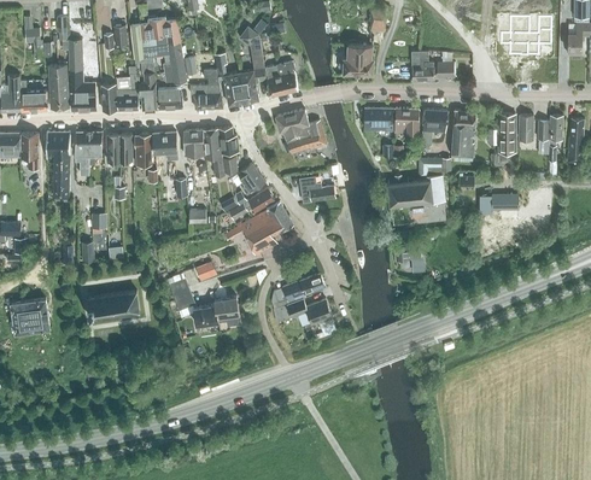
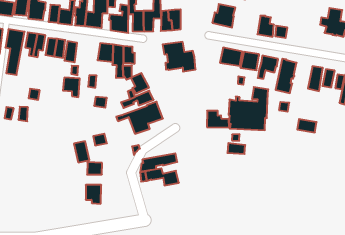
building: [152,131,177,159] -> [63,78,80,97]
building: [299,176,335,203] -> [207,111,229,127]
building: [87,289,139,318] -> none
building: [213,297,240,326] -> [86,185,101,204]

